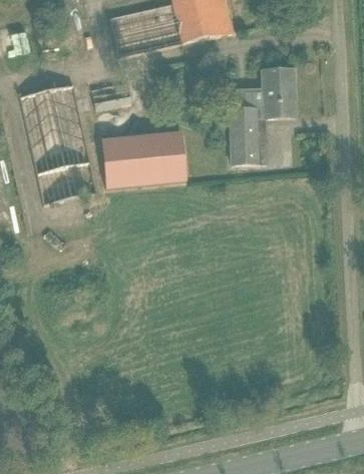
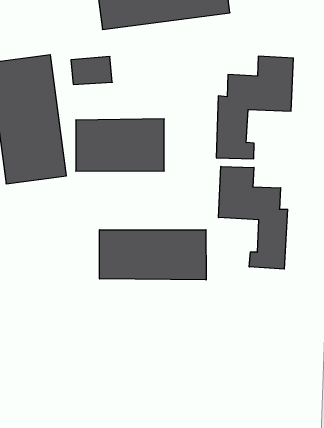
building: none -> [219,166,288,269]
building: none -> [100,230,206,280]

